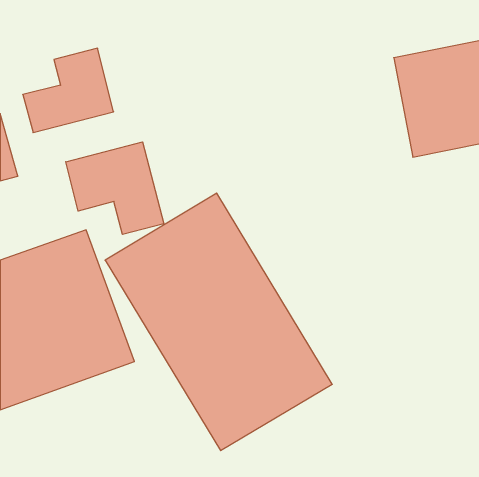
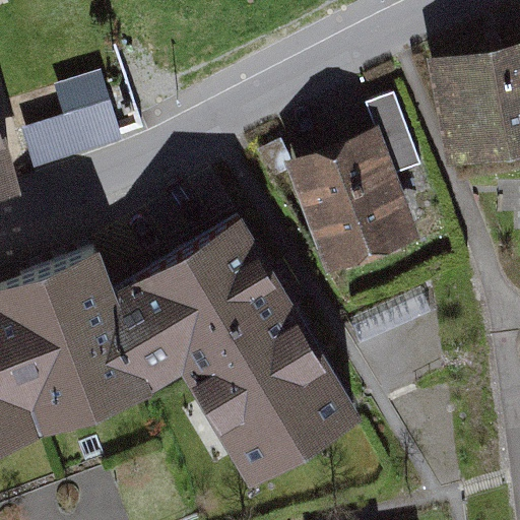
building: none -> [286,106,425,278]
building: [66,142,164,234] -> none

